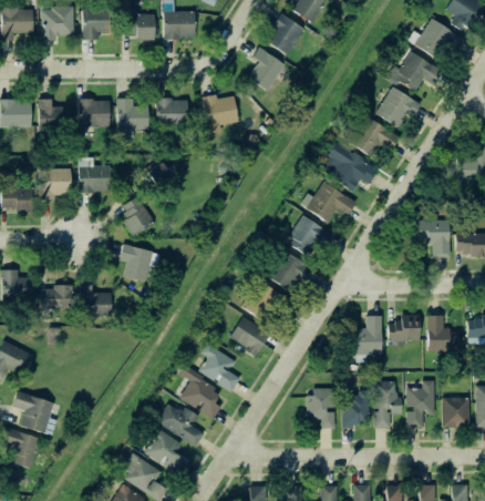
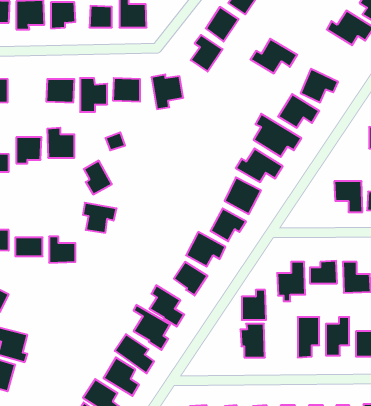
building: [386,52,442,93] -> [250,39,297,73]
building: [38,99,71,130] -> none
building: [341,390,370,426] -> [242,290,266,320]

